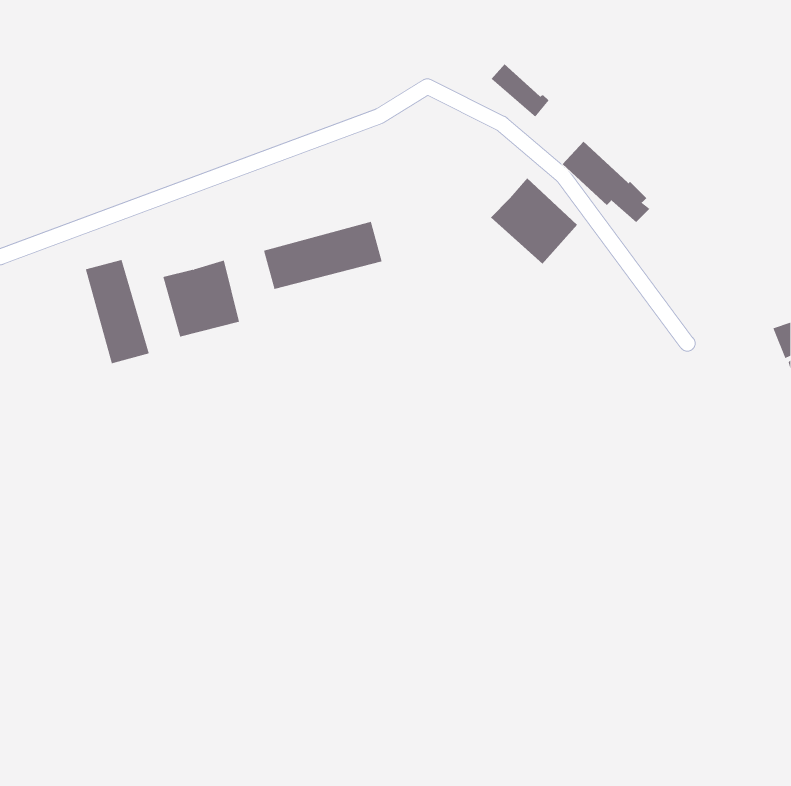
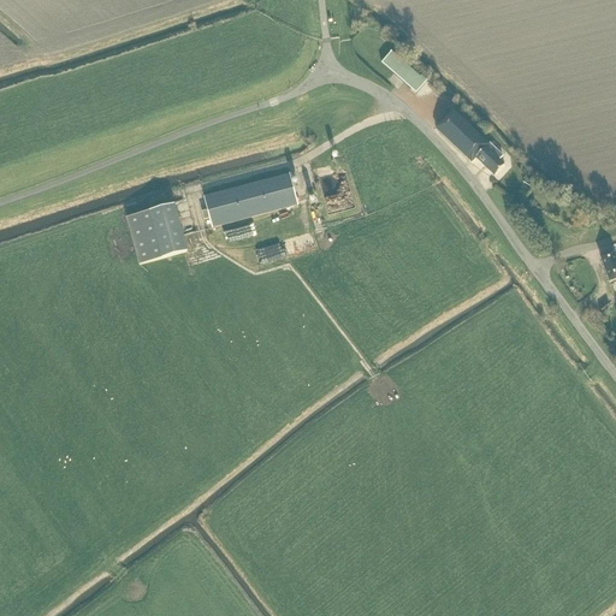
building: [490,178,578,264] -> none
building: [85,259,149,364] -> none

